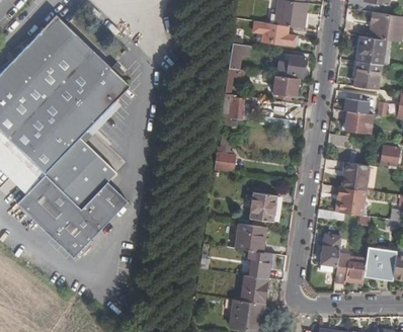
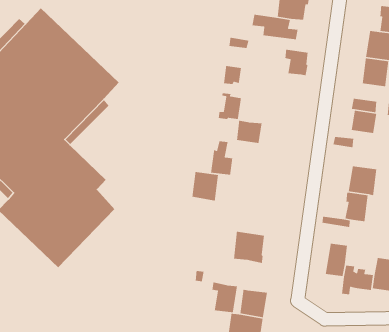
building: [273,74,298,96] -> [236,120,263,144]
building: [250,192,275,221] -> [192,171,219,202]
building: [247,249,271,278] -> [212,281,238,313]

